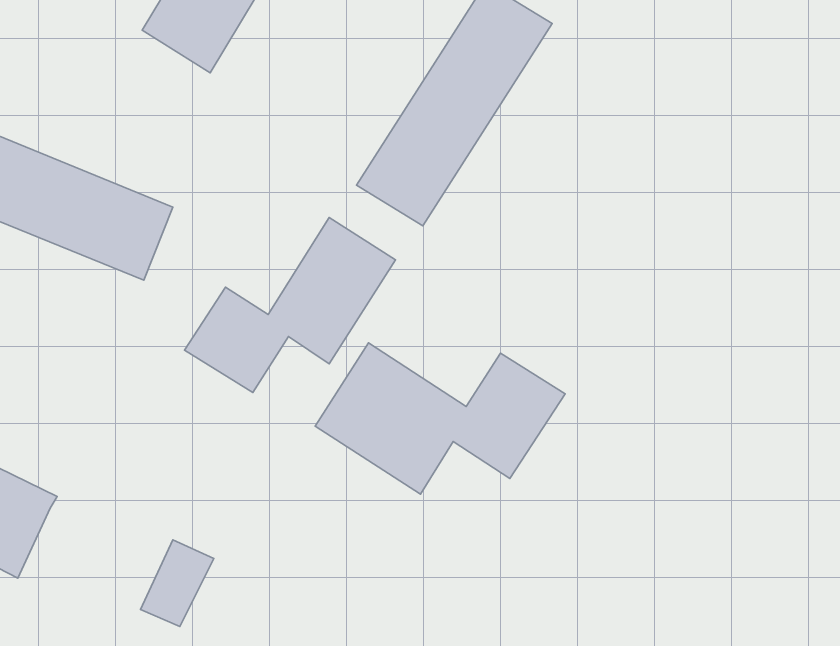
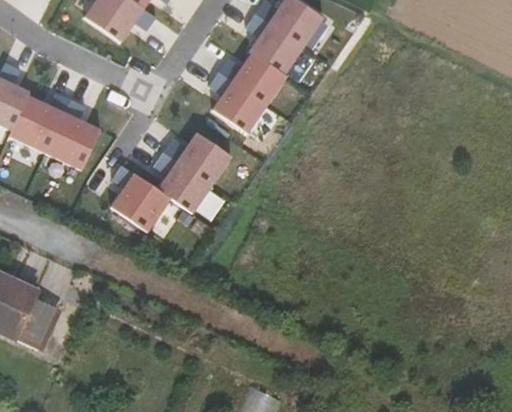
building: [315,343,565,494] -> none
building: [141,540,214,627] -> [11,300,54,351]

